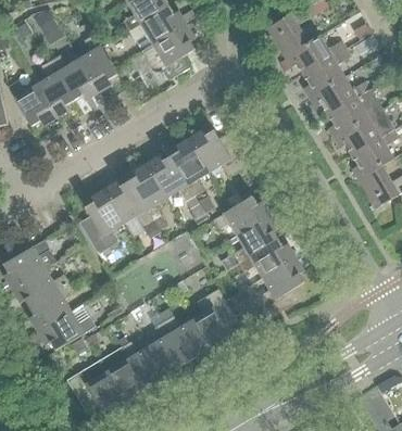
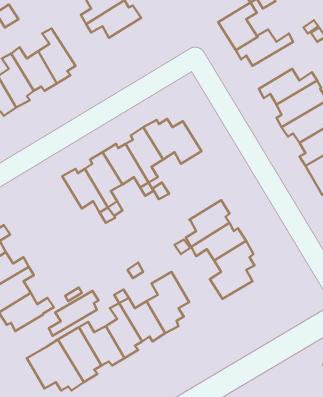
building: [141,24,194,80] -> none
building: [302,49,350,98] -> none
building: [78,189,124,254] -> none
building: [212,195,269,234] -> none
building: none -> [49,291,98,336]

